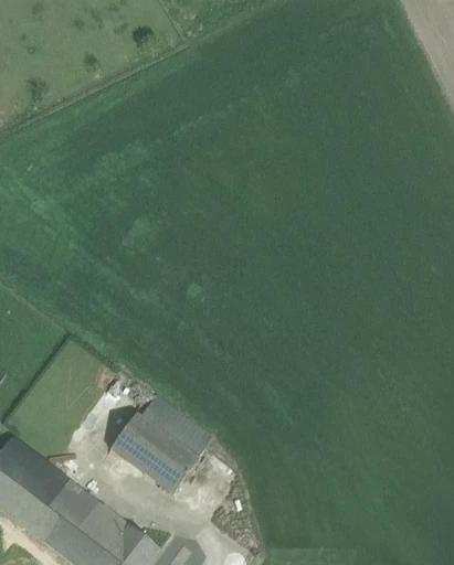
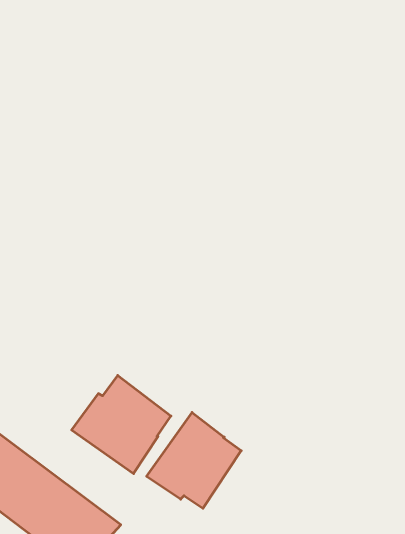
building: none -> [147,412,241,508]

